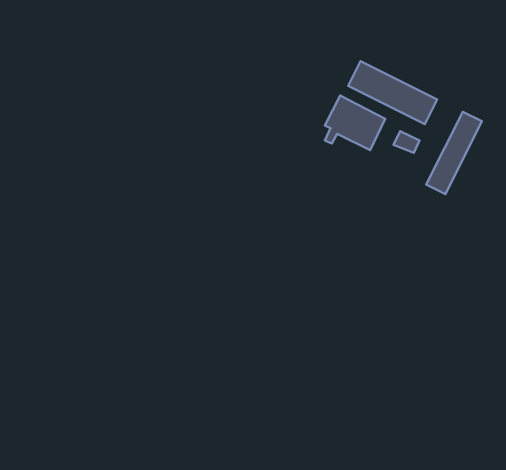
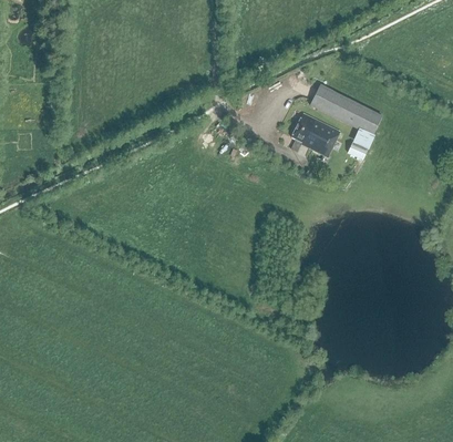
building: [426,112,482,194] -> none

